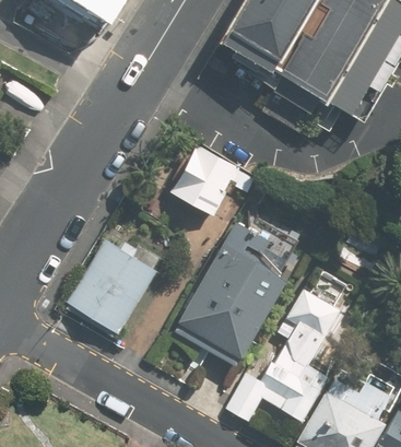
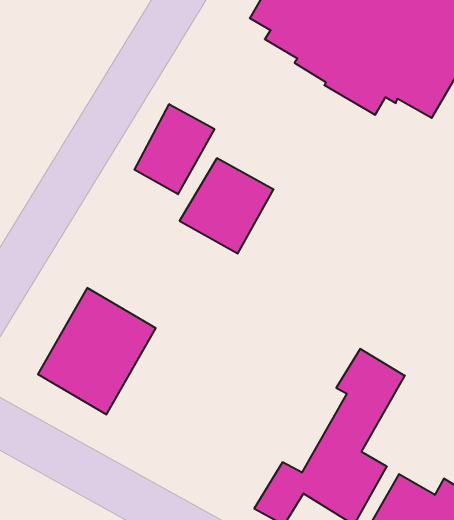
building: none -> [134,104,214,194]
building: [175,222,282,363] -> none

